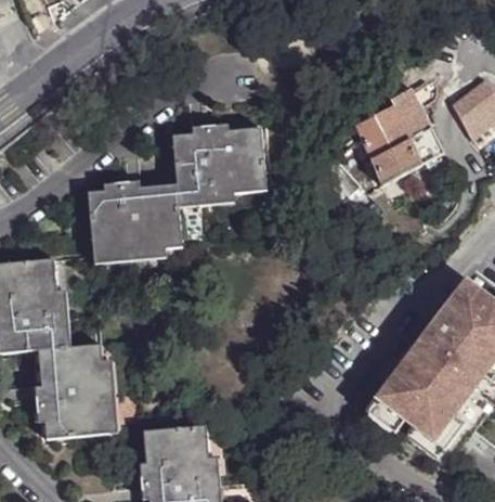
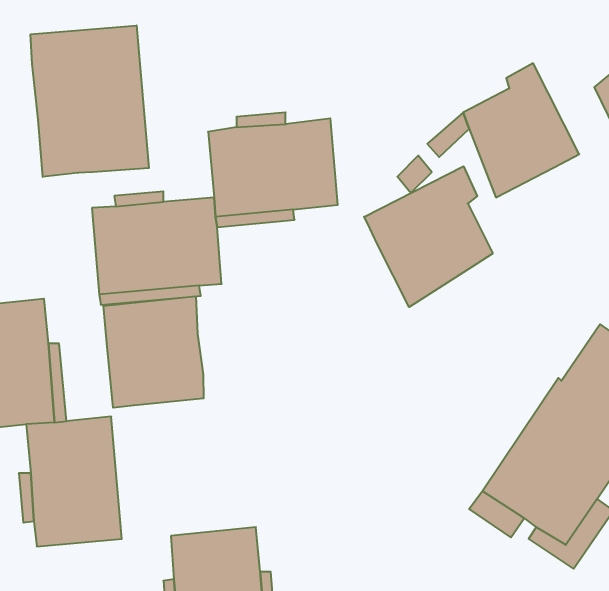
building: none -> [31,25,149,177]
building: none -> [364,166,493,307]
building: none -> [104,296,204,408]

